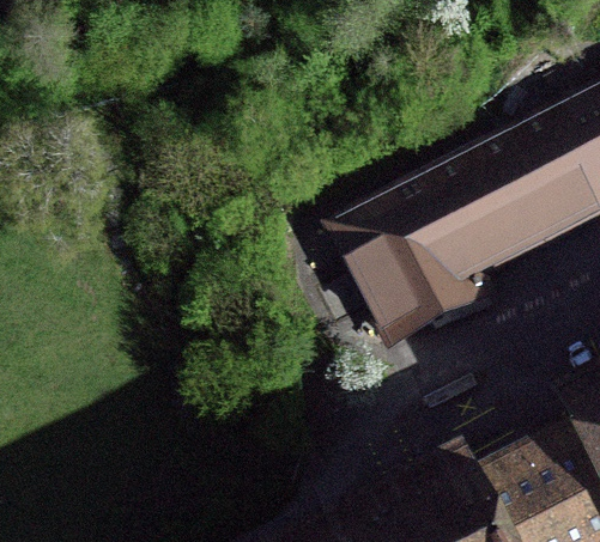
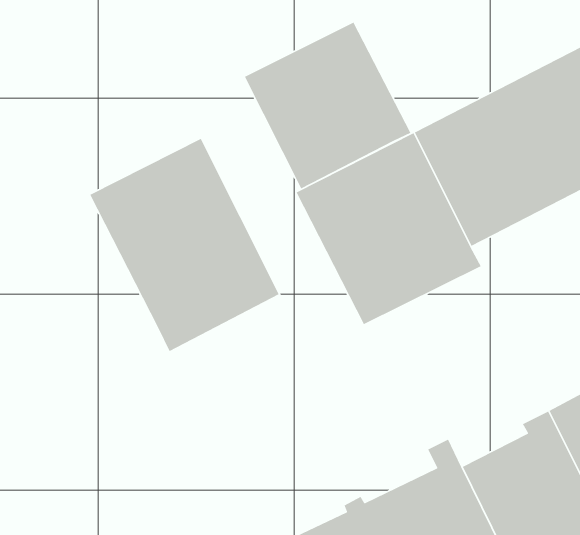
building: none -> [244,22,411,189]
building: none -> [89,138,280,352]

